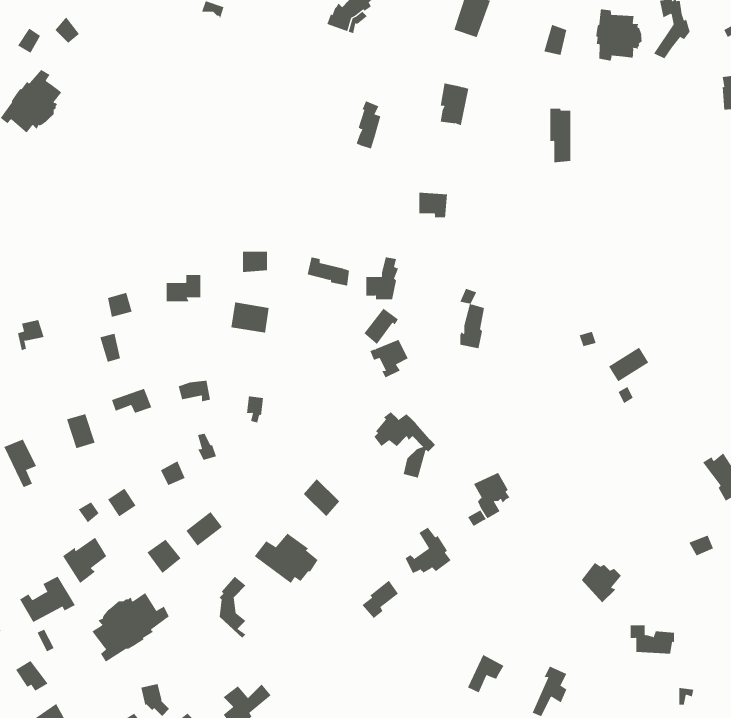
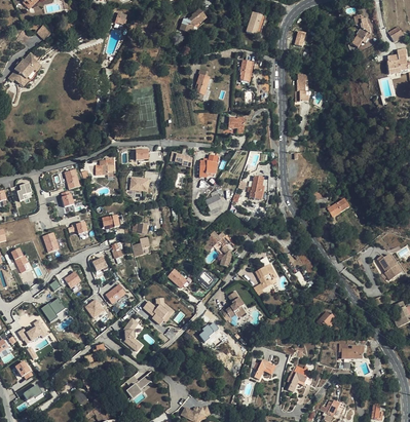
building: [596,9,642,62] -> none
building: [91,592,170,662] -> none

